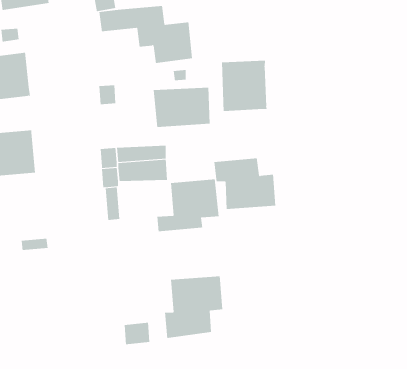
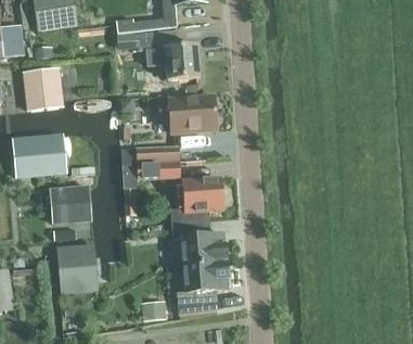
building: [221,60,267,112] -> none
building: [213,158,276,210] -> [170,219,224,264]
building: none -> [50,186,90,222]
building: none -> [56,244,96,293]

